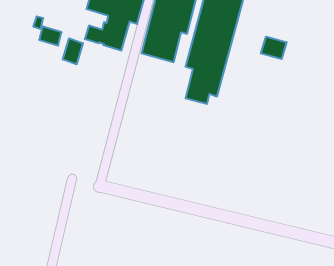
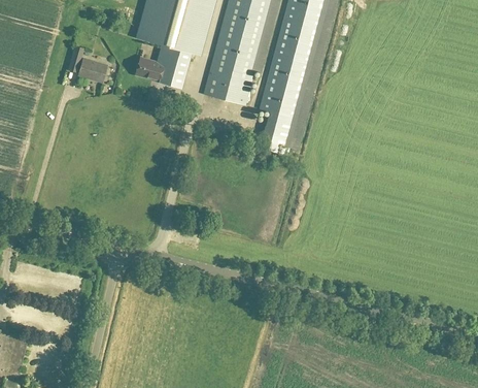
building: [261,37,287,59] -> none
building: [63,38,83,64] -> none

